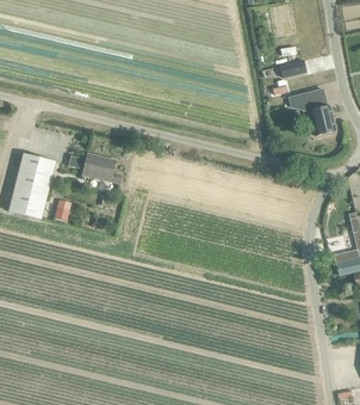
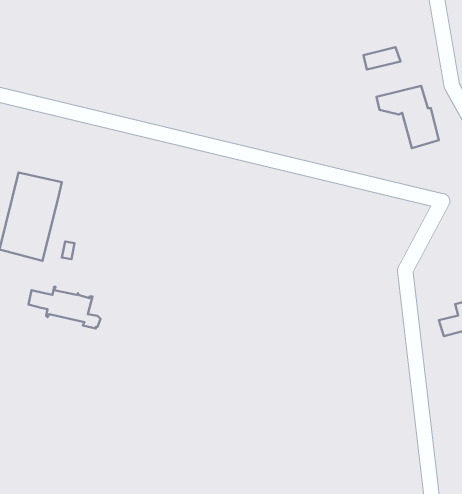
building: [68,153,122,184] -> [28,287,101,329]

